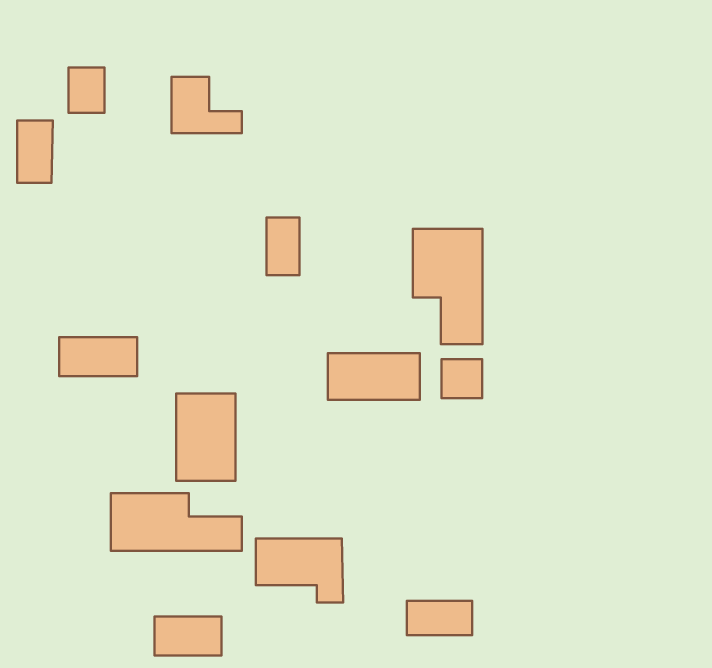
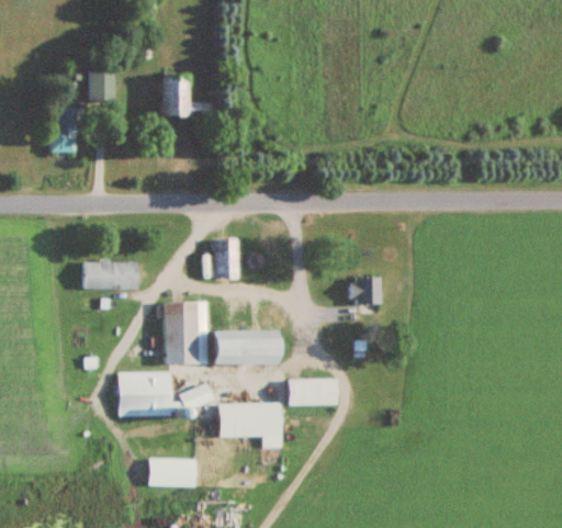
building: [267,218,299,275] -> [214,237,237,278]
building: [413,229,482,344] -> none
building: [328,353,420,400] -> [213,329,278,362]
building: [407,601,472,635] -> [290,380,336,404]

